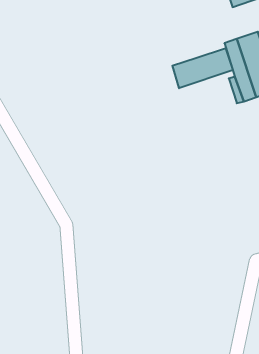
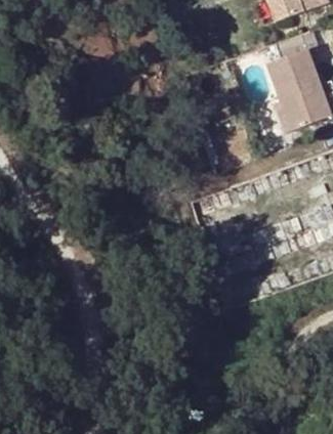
building: [172,48,233,88] -> none

